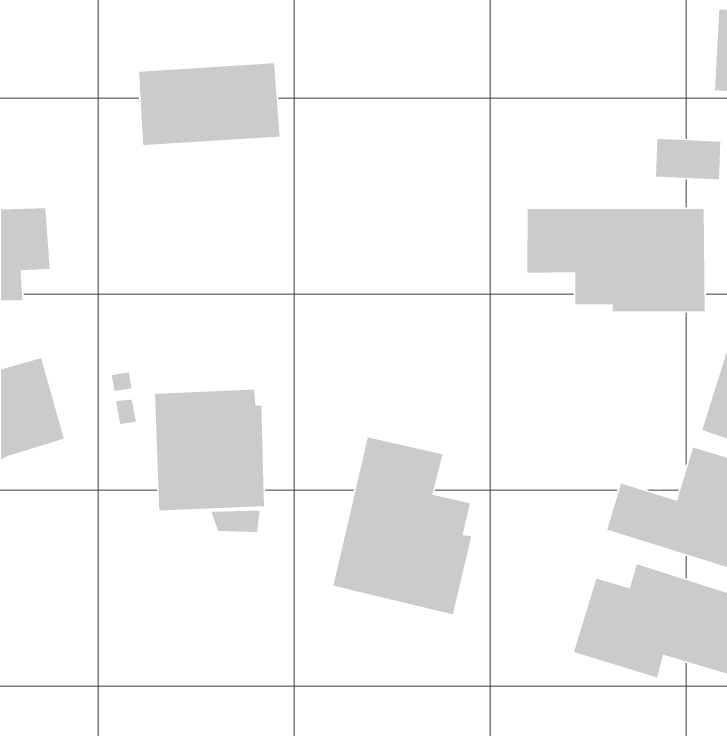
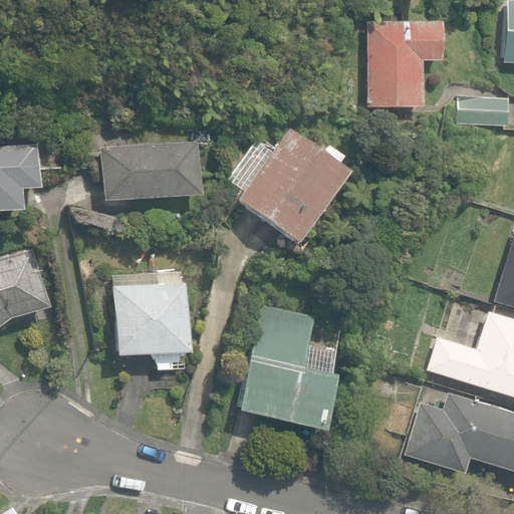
building: none -> [367,21,439,106]
building: [138,62,281,146] -> [102,142,202,200]
building: none -> [239,128,347,242]
building: [527,208,706,312] -> none

